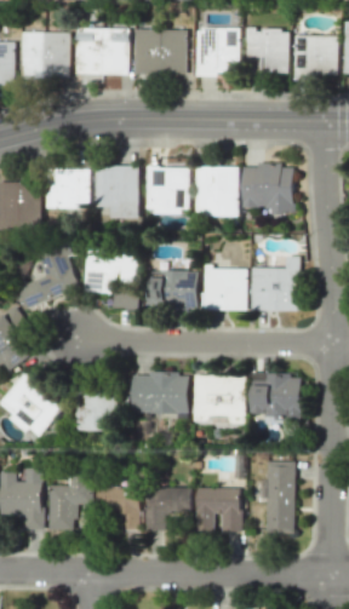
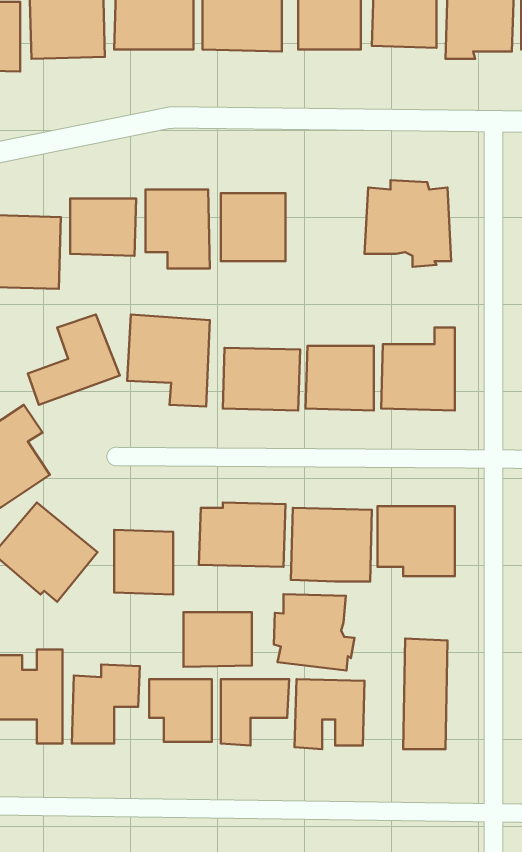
building: [196,166,240,216] -> none
building: none -> [274,594,354,670]
building: none -> [184,612,252,667]

